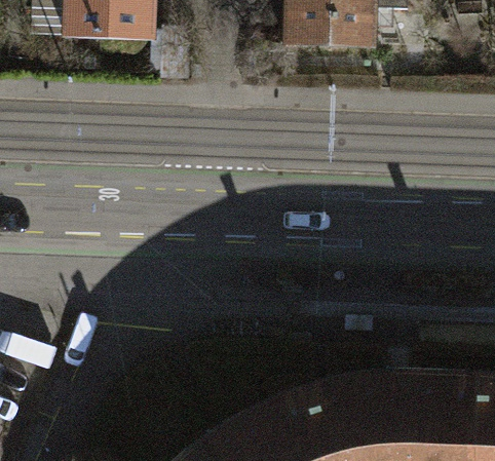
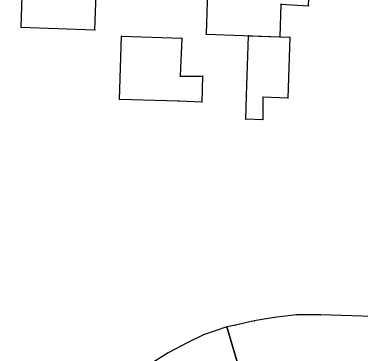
building: none -> [246,36,290,120]
building: none -> [119,36,203,102]

